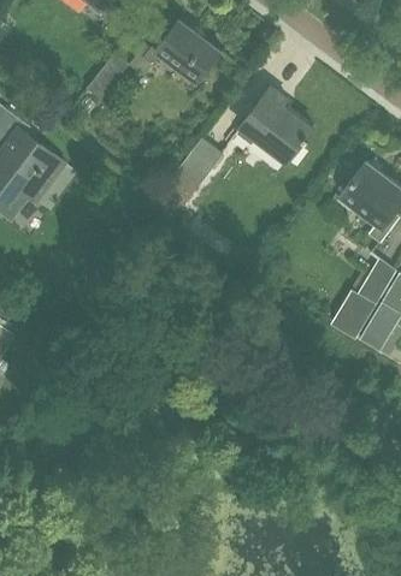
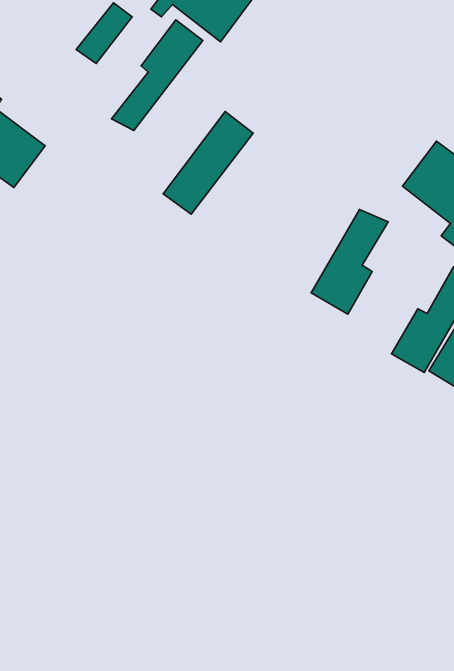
building: none -> [112,20,203,130]
building: [235,89,312,162] -> none
building: none -> [311,209,388,314]

